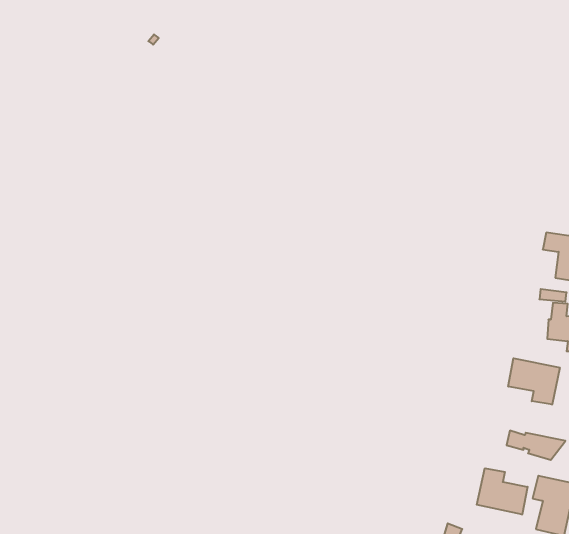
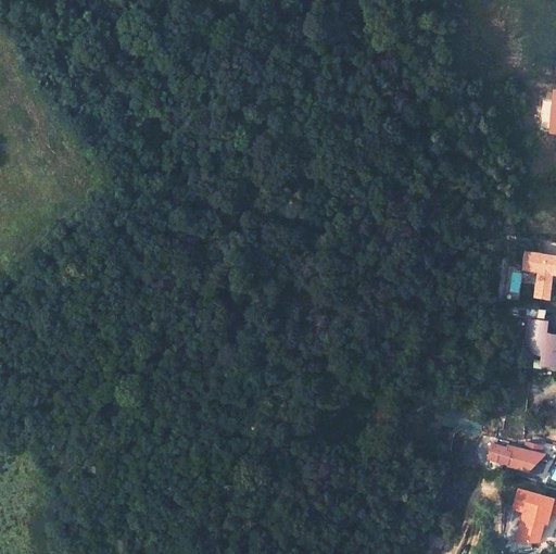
building: [508,358,560,405] -> none
building: [477,468,528,515] -> none

